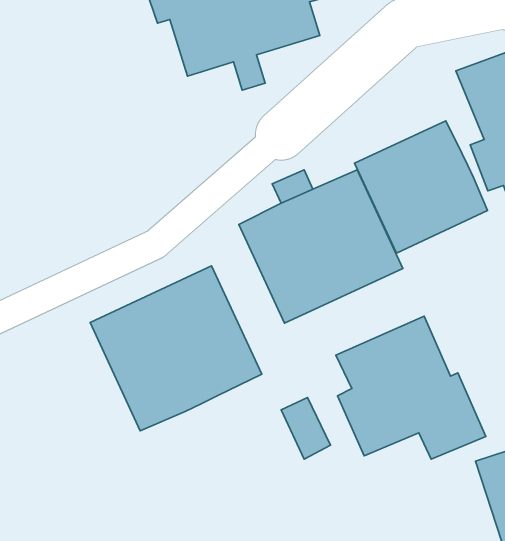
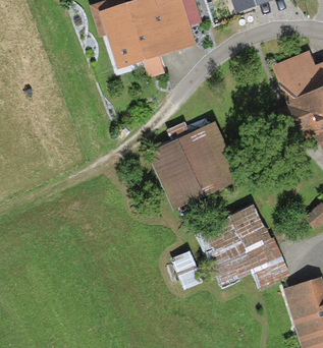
building: [355,121,488,253] -> none
building: [90,266,262,431] -> none

